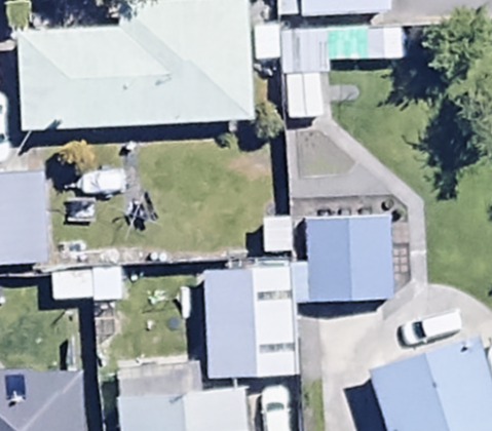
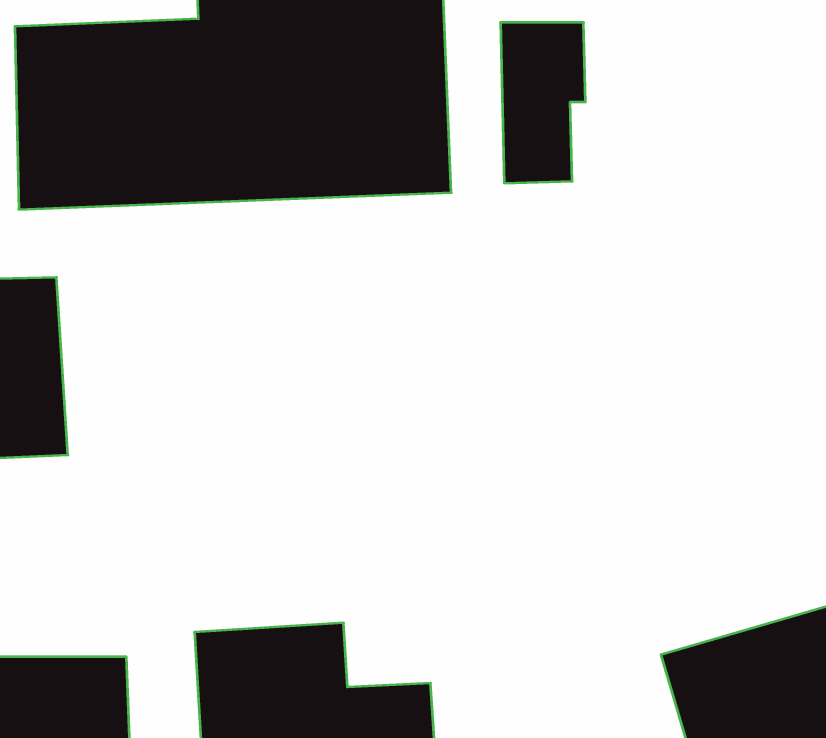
building: [304,214,391,301] -> none
building: [204,275,297,381] -> none

